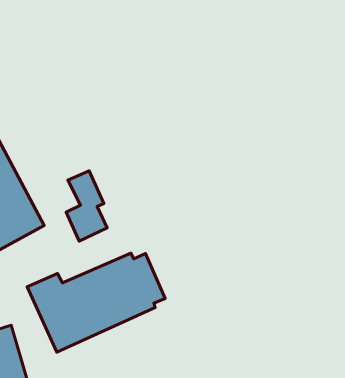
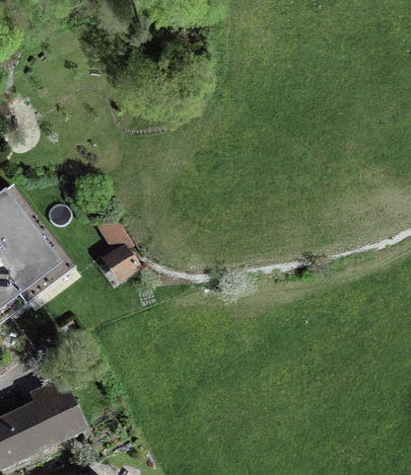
building: [27,253,165,352] -> none

